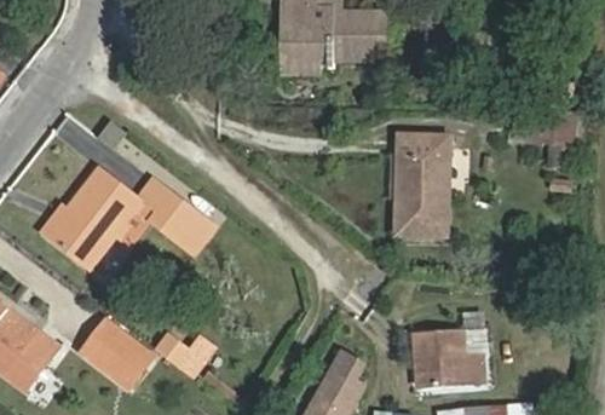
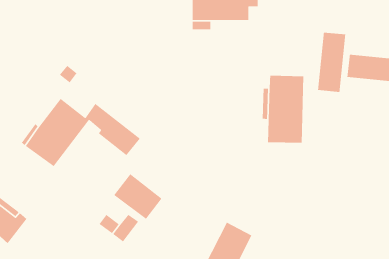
building: none -> [317,32,346,93]
building: [81,319,151,386] -> [113,173,162,220]
building: [413,332,479,388] -> none

